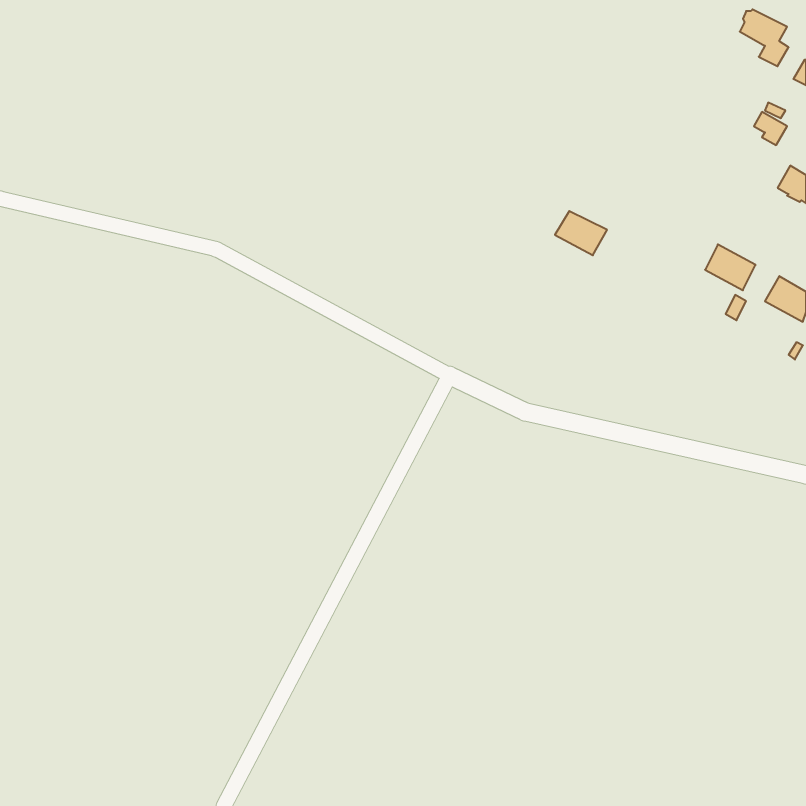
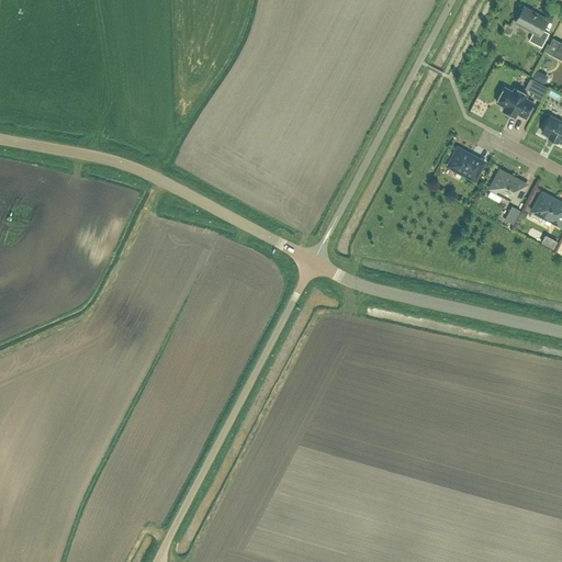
building: none -> [496,87,533,117]
building: [555,211,607,255] -> [448,148,484,179]

